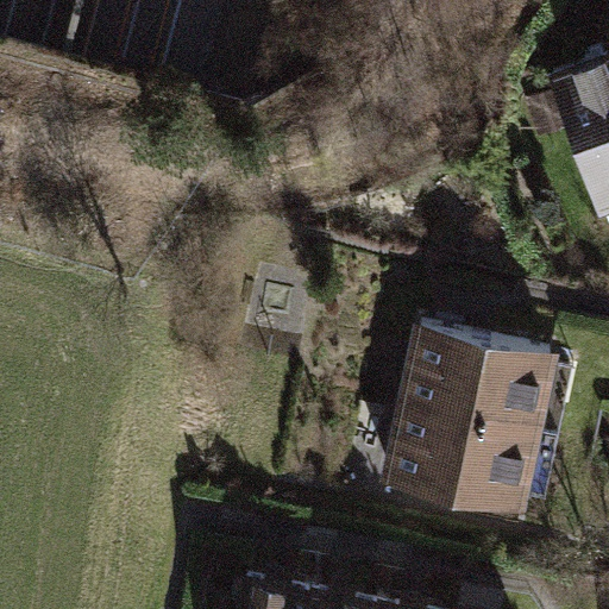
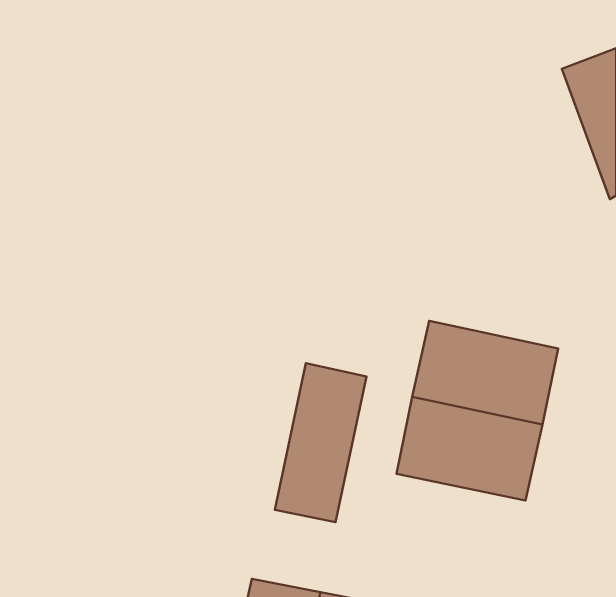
building: none -> [275,363,366,522]

